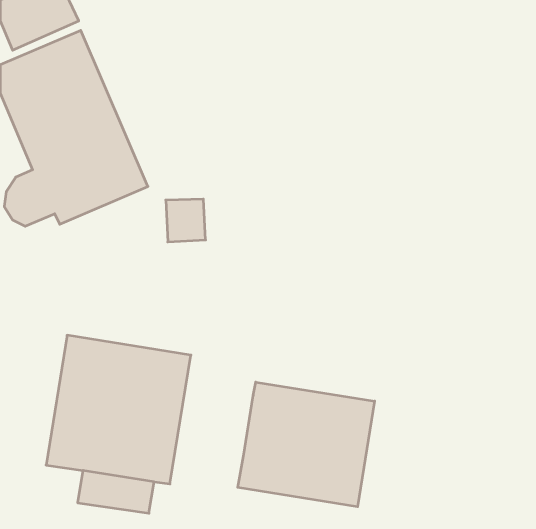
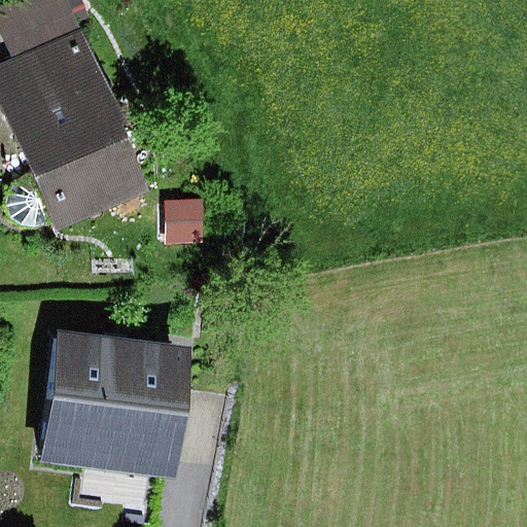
building: [238,382,375,507] -> none

